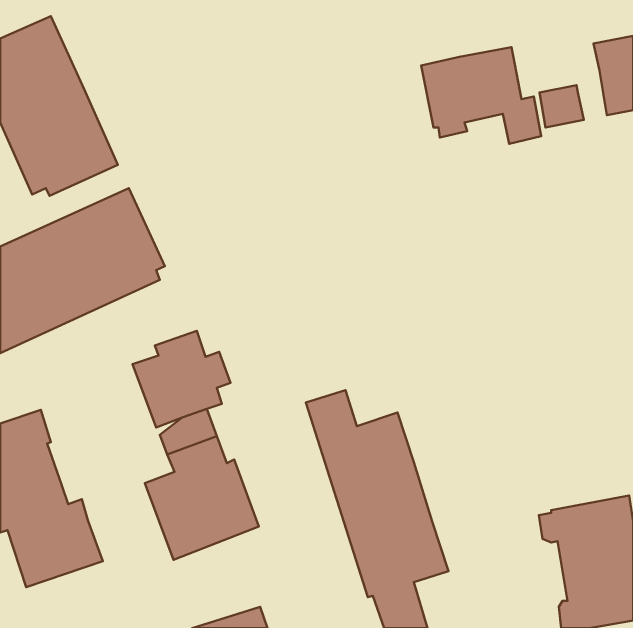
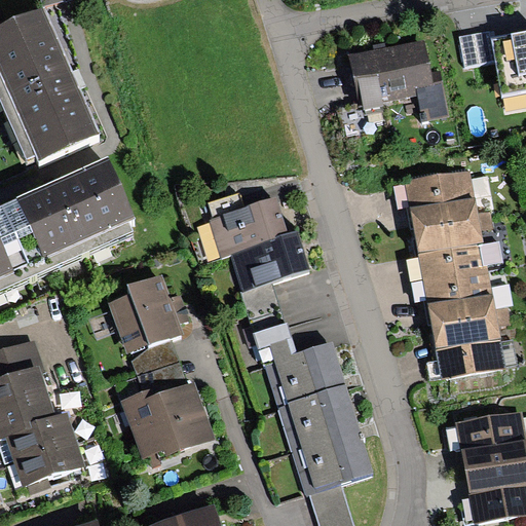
building: [539,85,584,127] -> [460,30,497,65]
building: none -> [404,165,508,377]
building: none -> [209,198,308,316]

